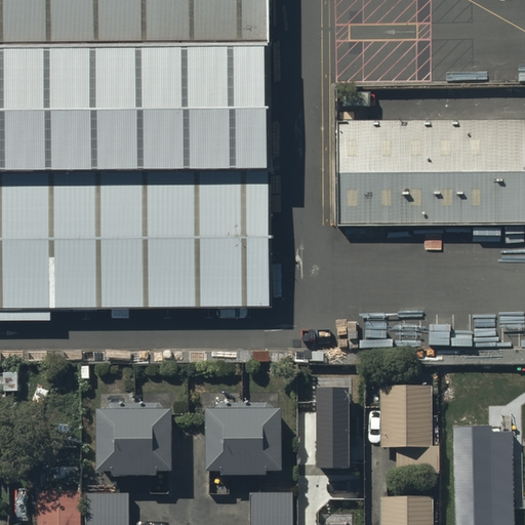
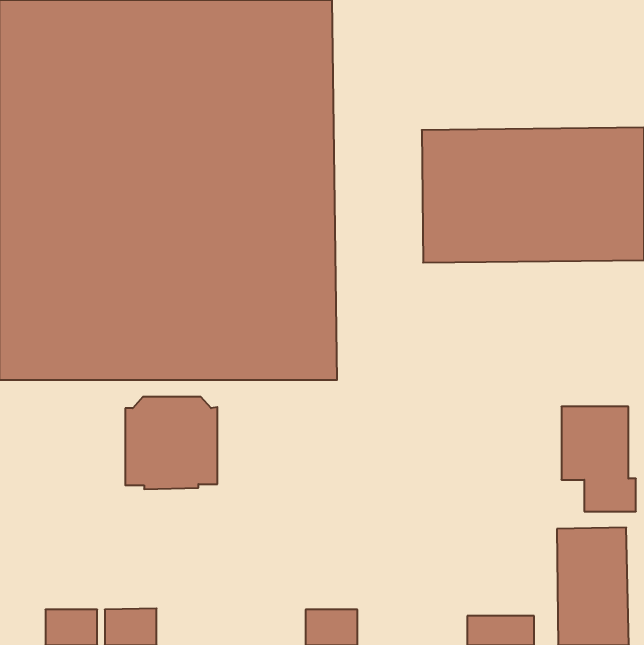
building: [315,388,348,467] -> none
building: [378,389,439,474] -> [561,407,636,511]
building: [95,406,170,481] -> [125,397,217,489]
building: [205,406,280,480] -> none

